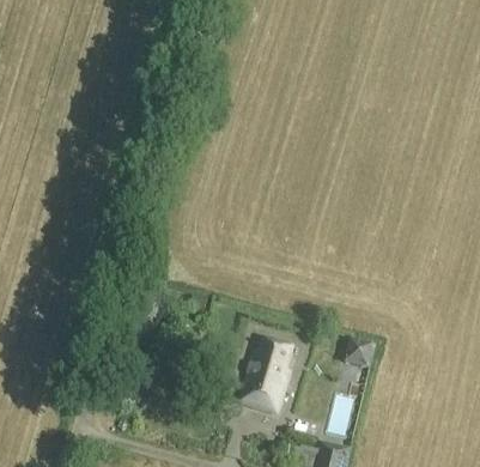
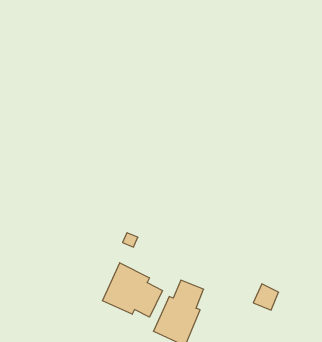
building: none -> [103,263,163,317]

